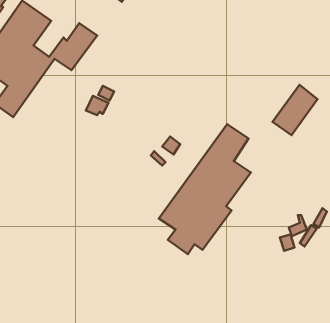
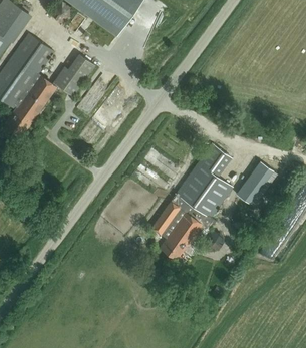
building: [273,85,317,135] -> [236,160,276,206]

